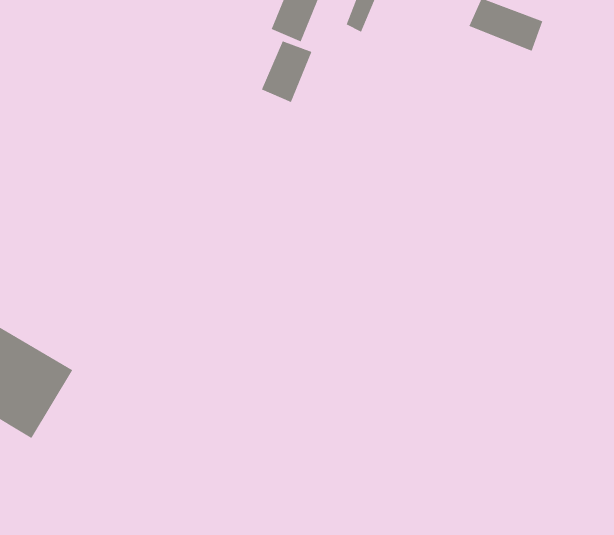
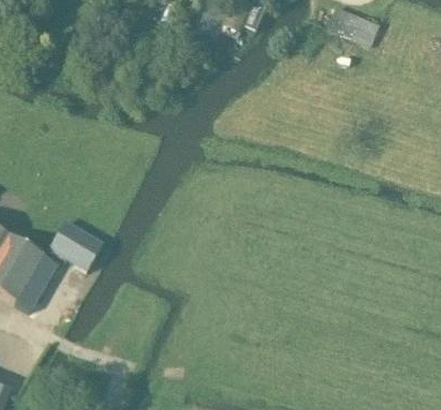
building: [261,41,312,103] -> none
building: none -> [51,221,102,268]

